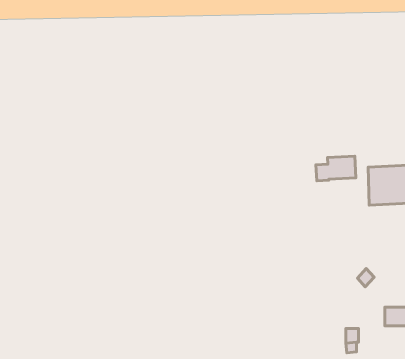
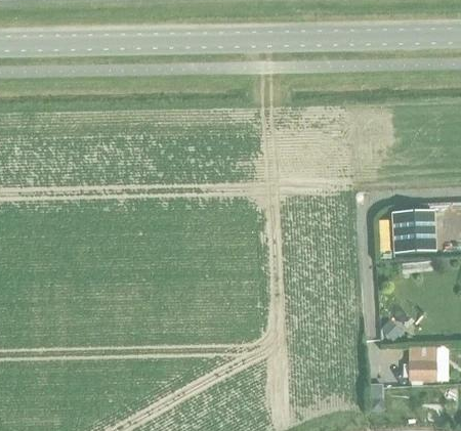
building: [316,156,356,181] -> none

